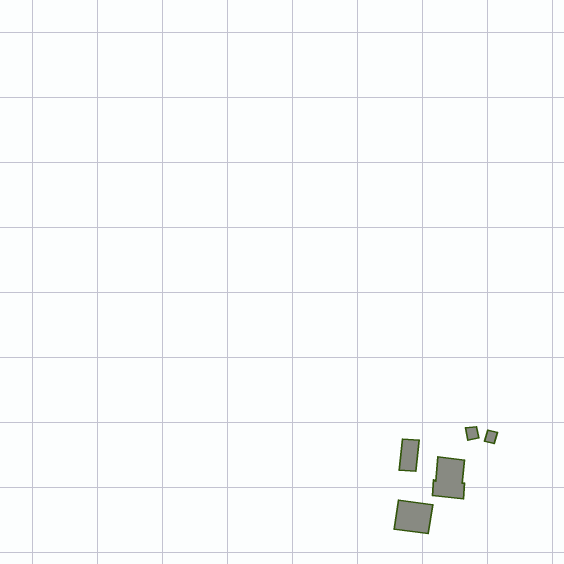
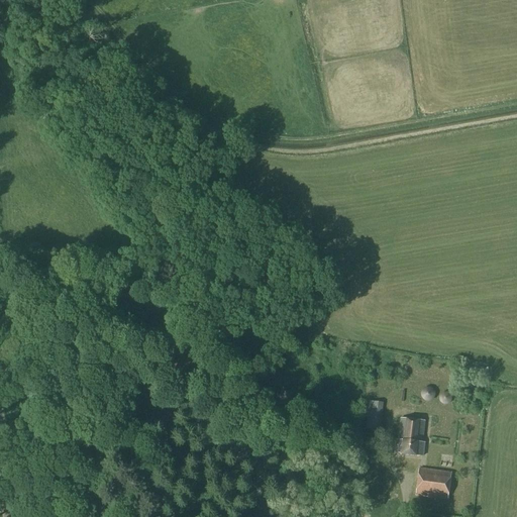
building: [394,500,433,533] -> [416,468,451,498]

